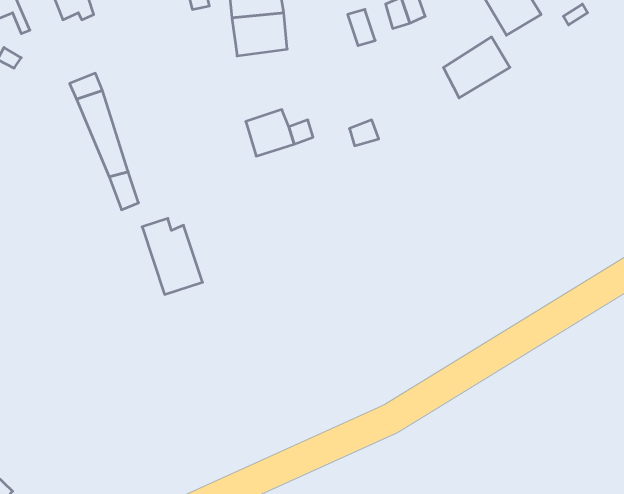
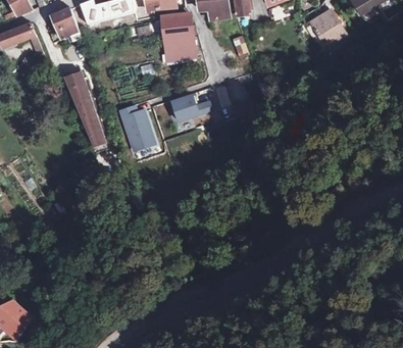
building: [443,37,510,98] -> none
building: [142,218,203,294] -> [117,104,153,149]

